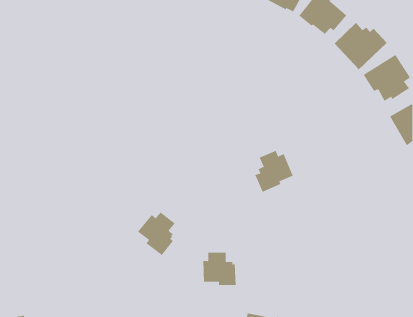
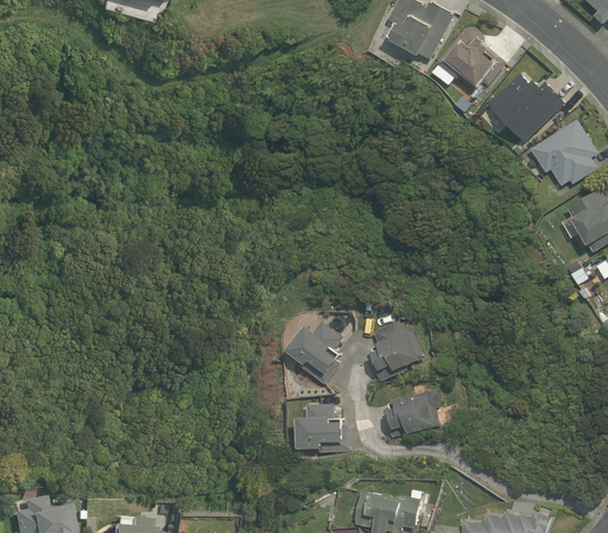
building: [255,150,293,192] -> [368,321,424,381]
building: [137,212,175,256] -> [289,321,343,383]
building: none -> [384,387,441,437]

